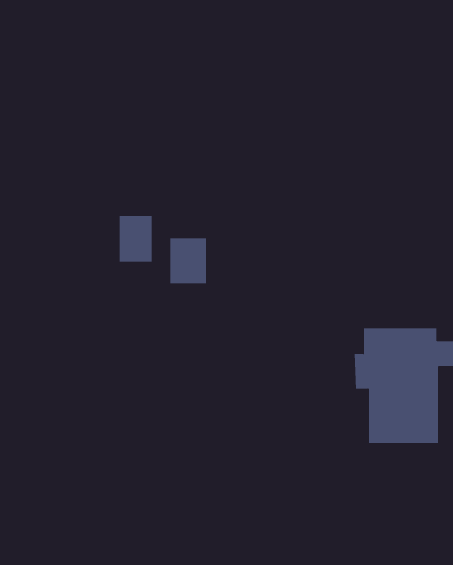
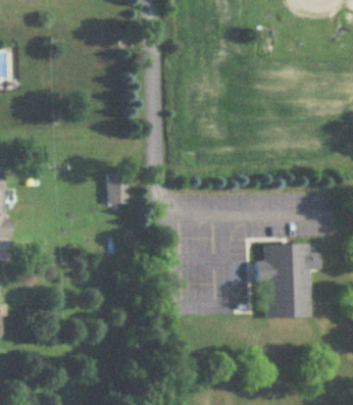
building: [170,237,207,284] -> none

